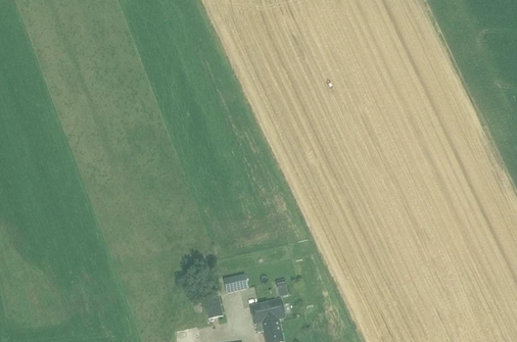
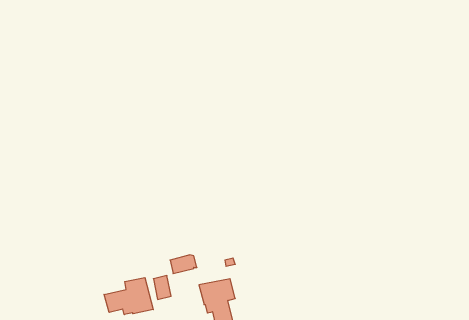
building: none -> [104,278,153,315]

